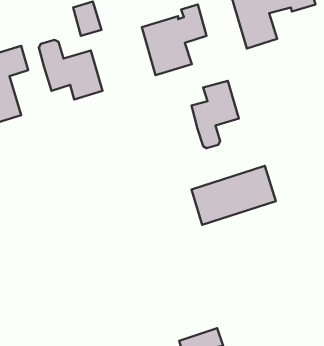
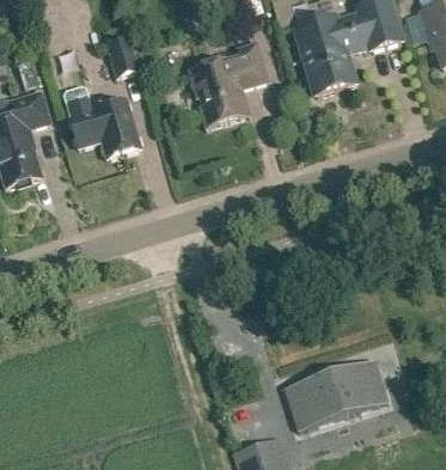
building: [191,81,239,148] -> none
building: [191,166,276,225] -> [285,356,387,428]

